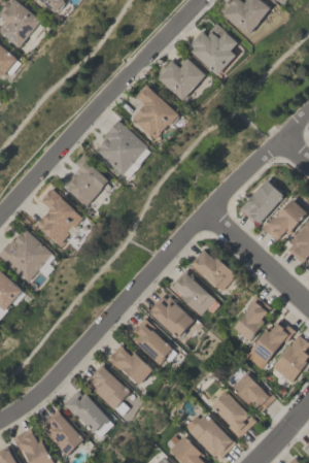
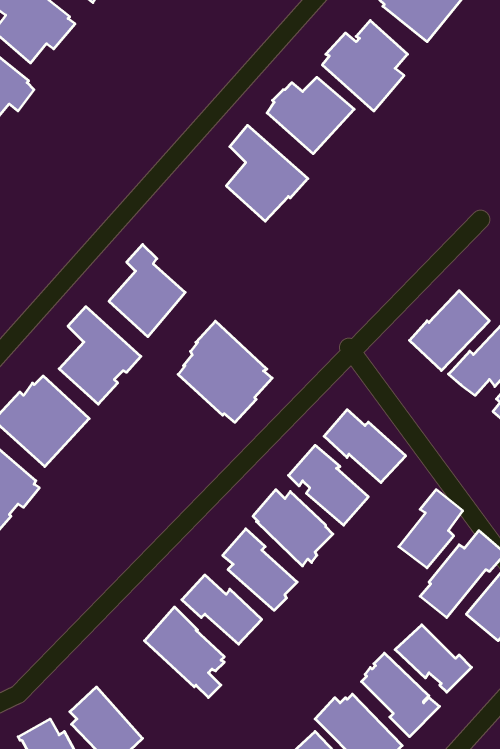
building: [98,120,152,178] -> [178,321,272,422]
building: [65,390,112,433] -> none

